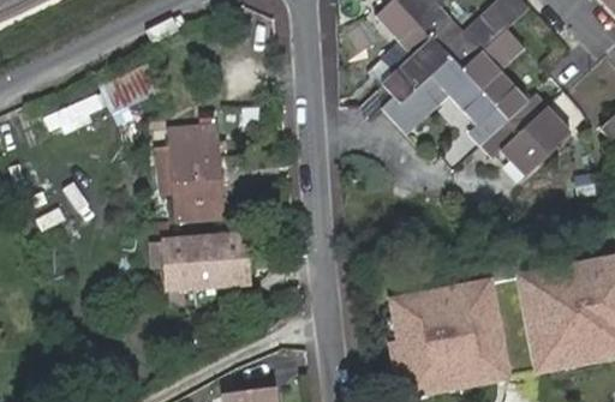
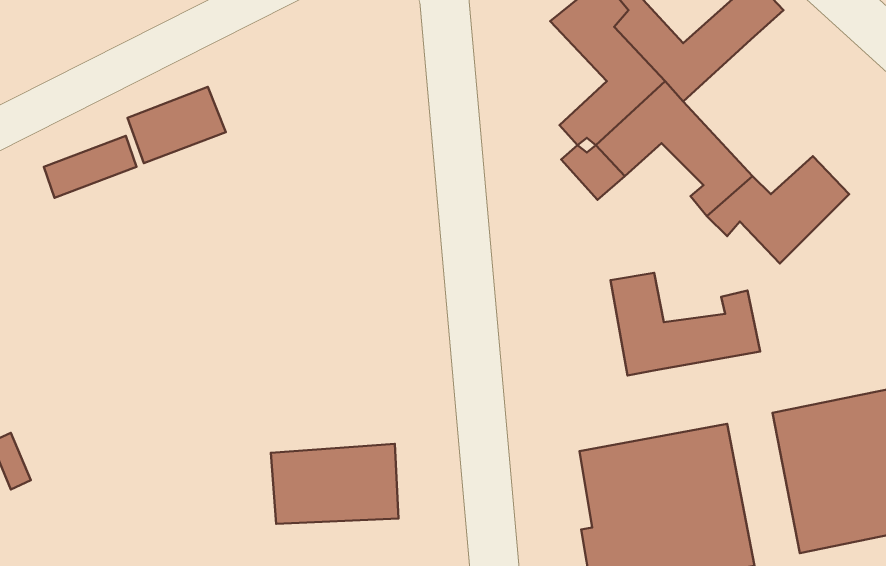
building: [461,28,547,130] -> none
building: [156,125,223,221] -> none
building: none -> [610,273,760,375]
building: [165,236,249,289] -> [271,444,398,524]

